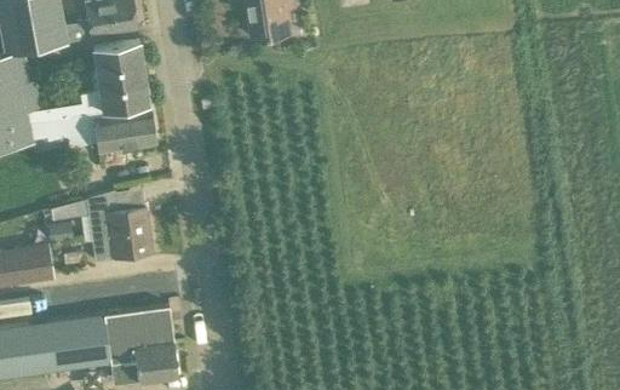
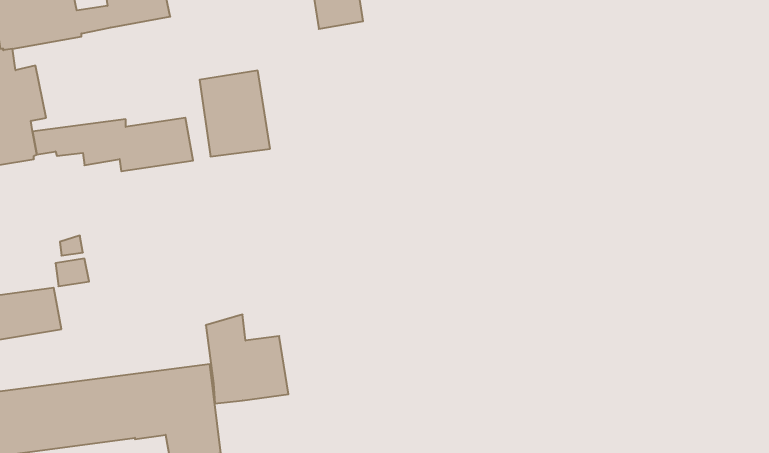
building: [93,42,149,110] -> [200,71,270,156]
building: [86,190,151,260] -> [206,315,288,403]

